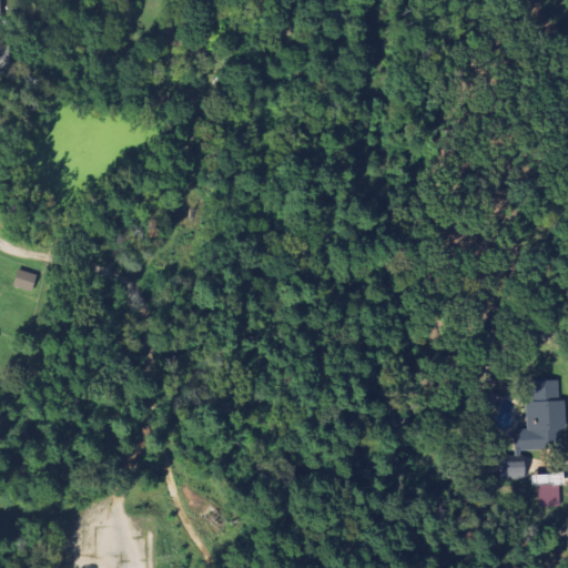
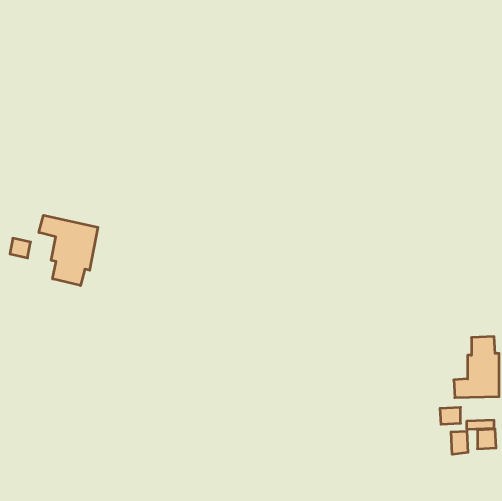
building: none -> [39,215,98,286]
building: none -> [451,431,468,454]

